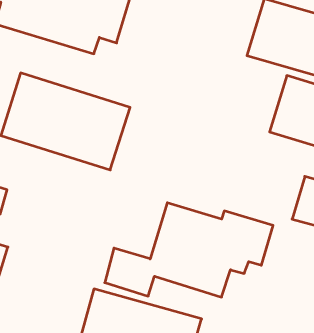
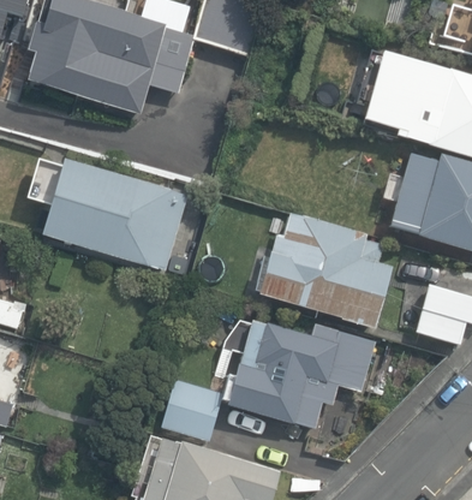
building: none -> [244,203,395,332]

